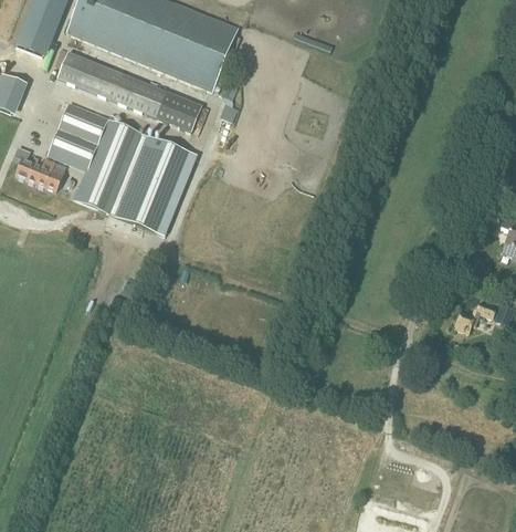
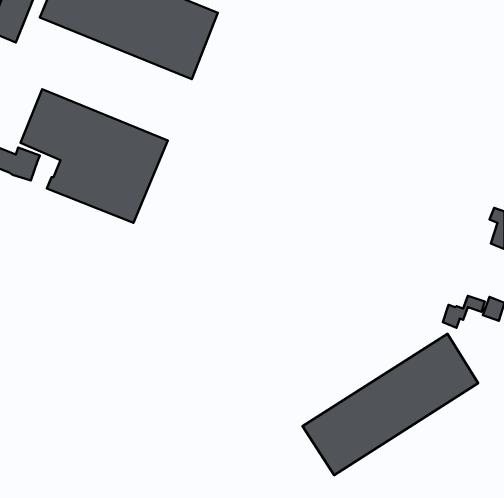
building: [56,51,202,132] -> none
building: none -> [302,334,478,475]

